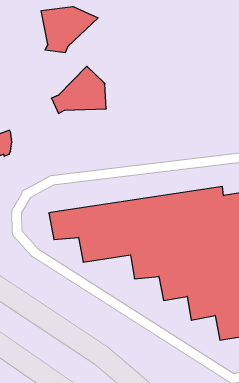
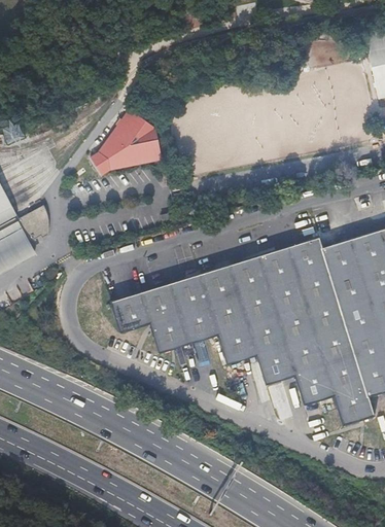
building: [41,7,98,53] -> none

